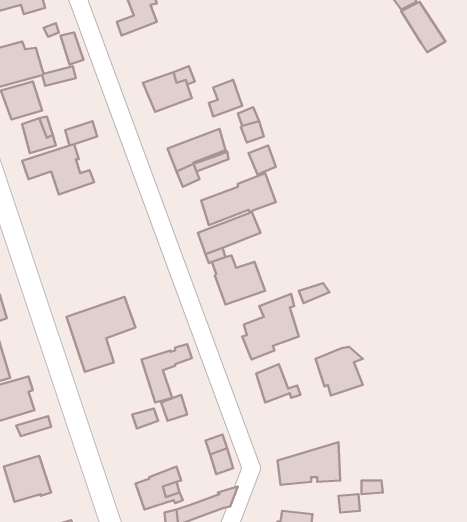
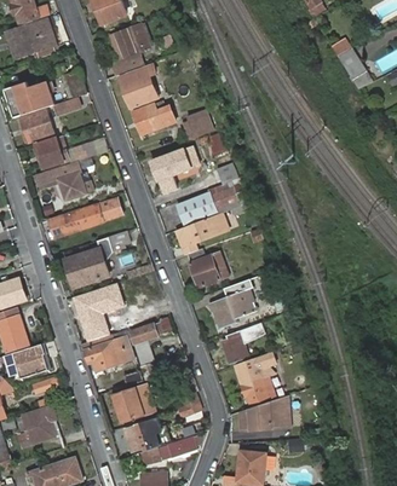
building: none -> [120,64,157,106]
building: none -> [48,197,122,237]
building: none -> [65,231,131,285]
building: [315,347,363,396] -> [237,365,275,404]
building: none -> [82,332,131,370]
building: none -> [114,383,154,421]

